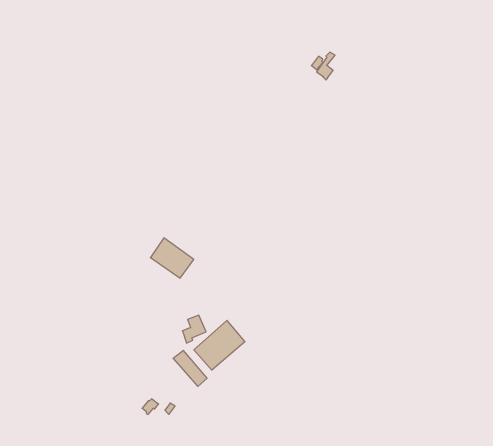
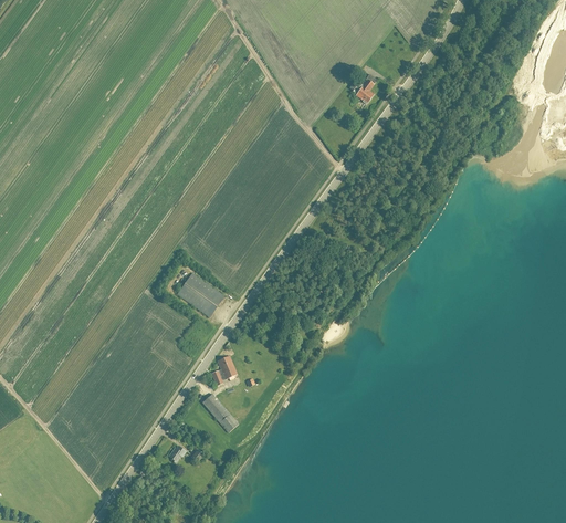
building: [194,320,245,370] -> none

